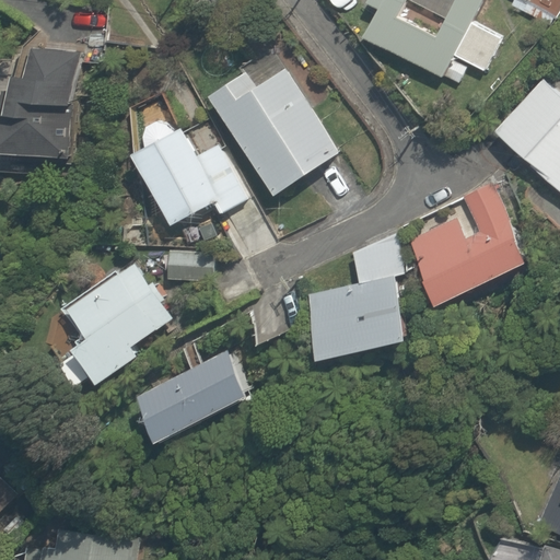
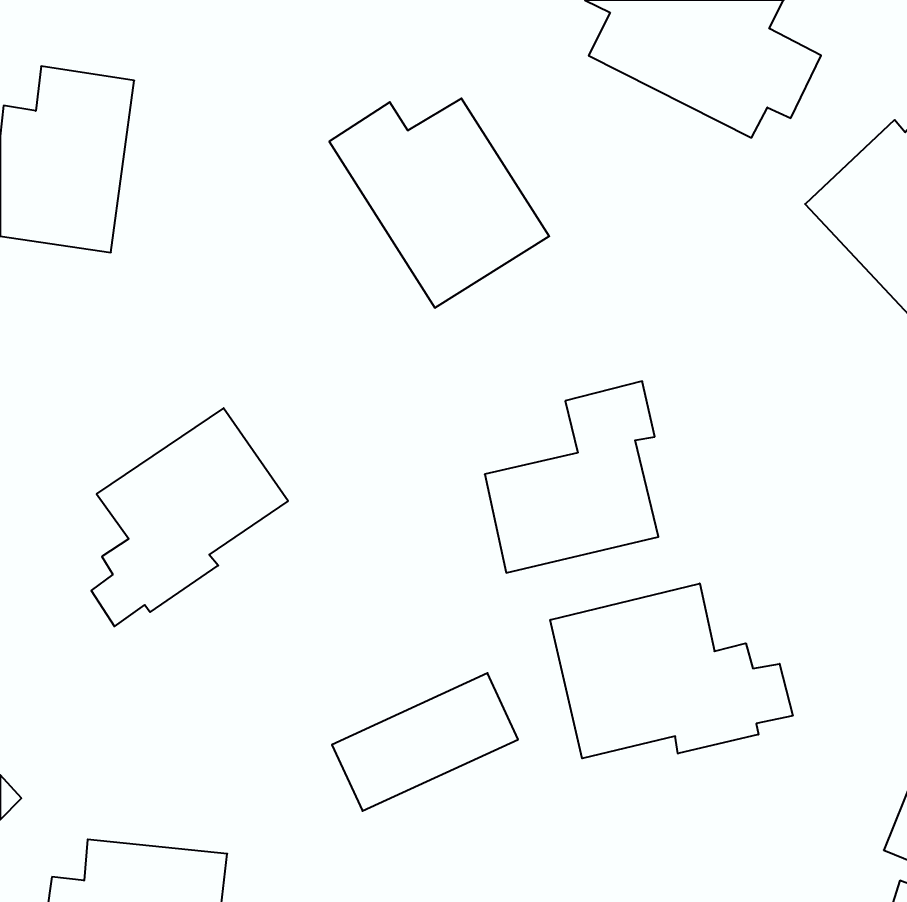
building: [119,114,256,229] -> none
building: [408,179,530,302] -> none
building: [136,351,249,435] -> [332,673,518,811]
building: none -> [550,583,793,758]

